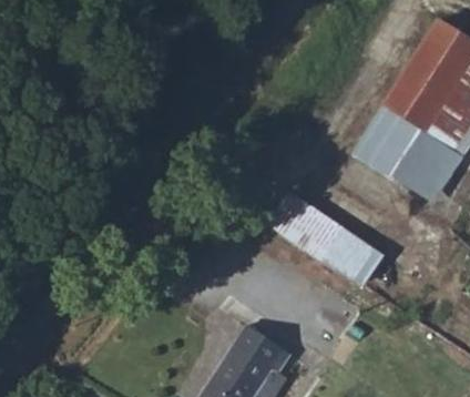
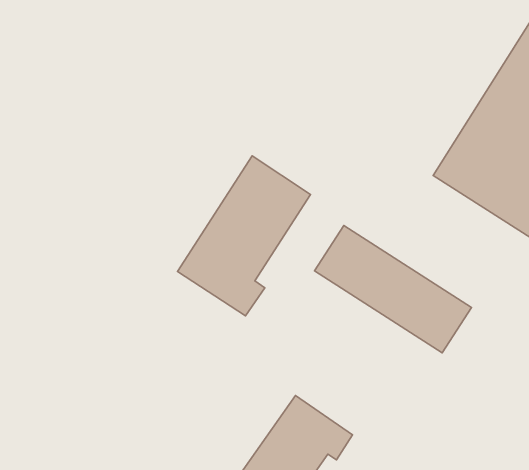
building: none -> [178,156,310,316]

